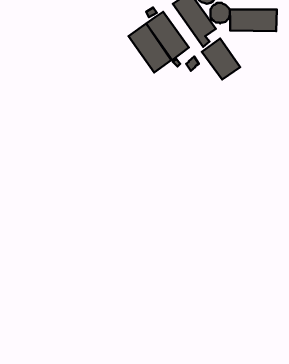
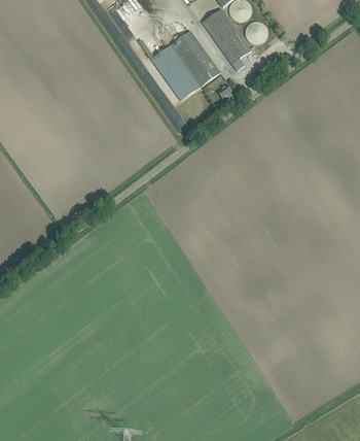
building: [230,10,277,31] -> none
building: [202,39,240,80] -> none

